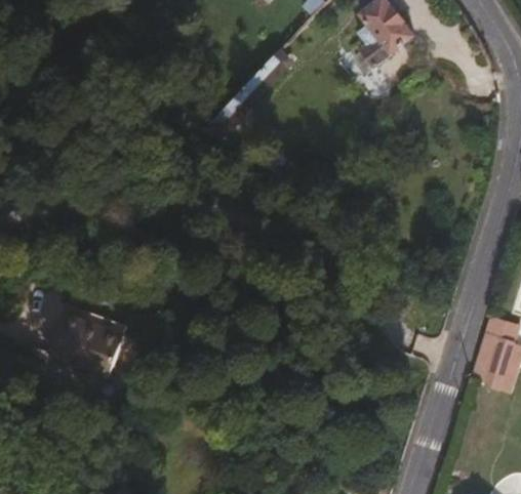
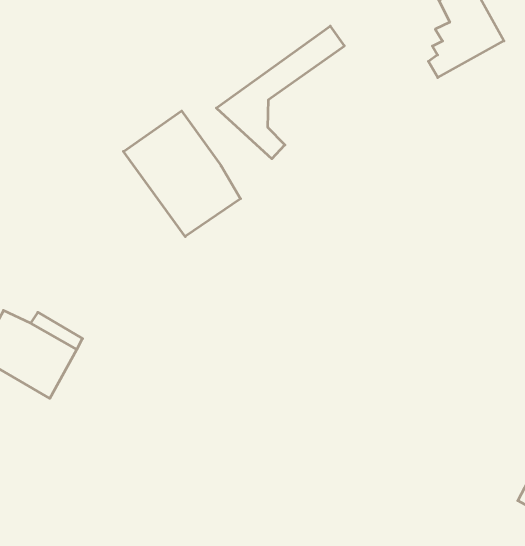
building: none -> [123,111,241,237]

